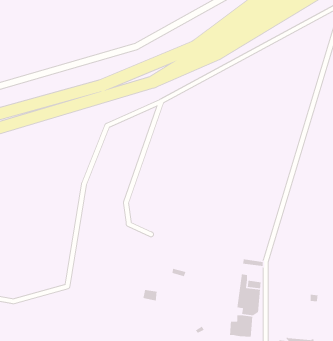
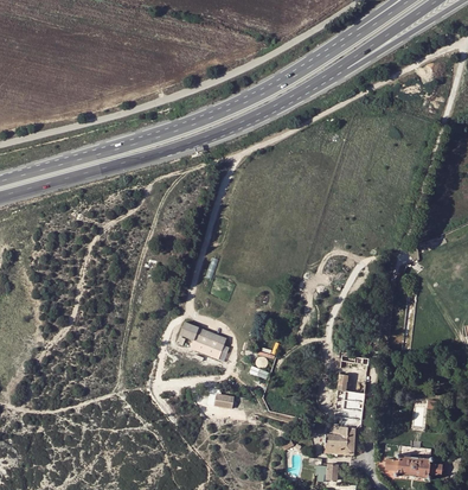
building: none -> [175,323,227,354]

